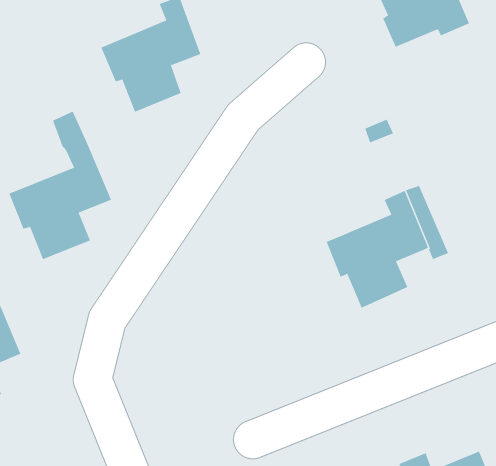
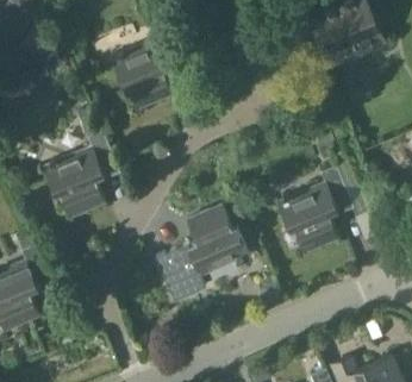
building: none -> [151,208,244,303]

